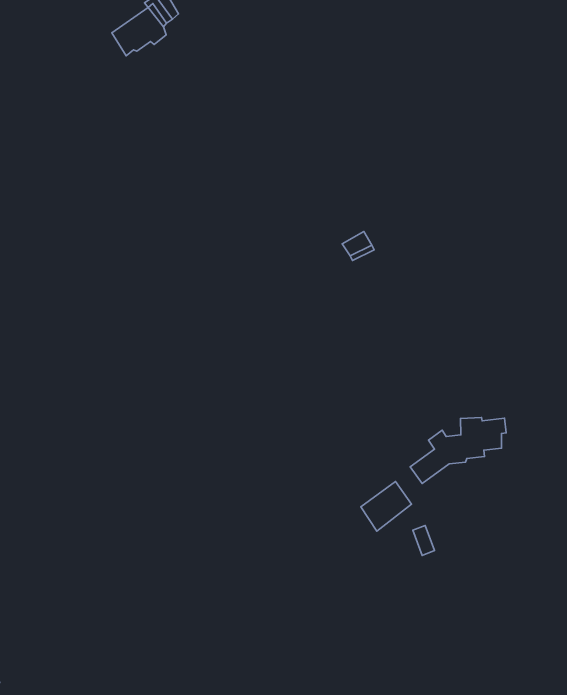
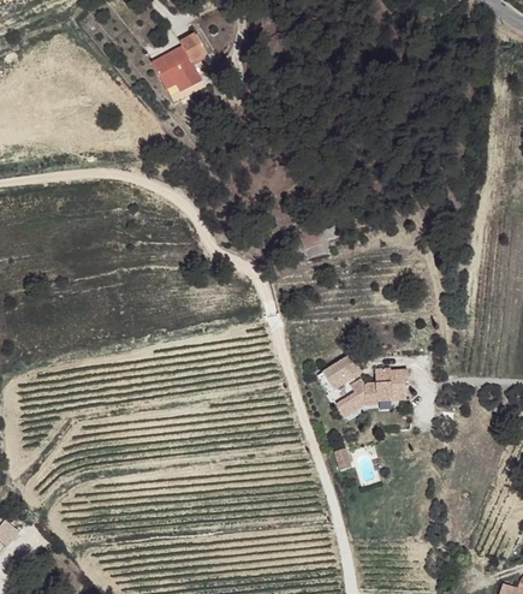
building: [361,481,411,531] -> [326,357,363,392]

